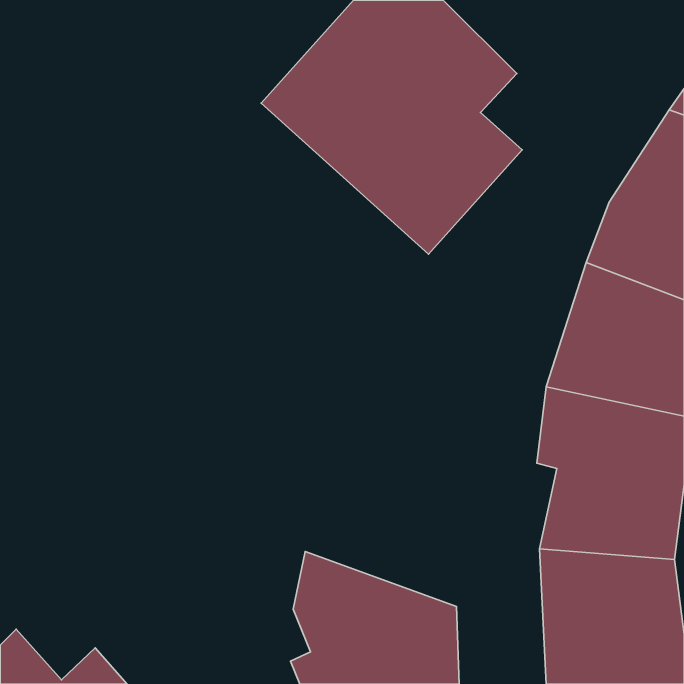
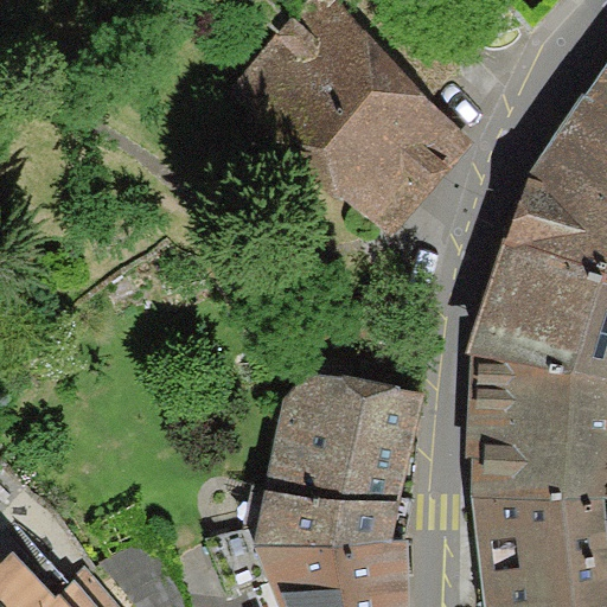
building: none -> [270,375,416,537]

